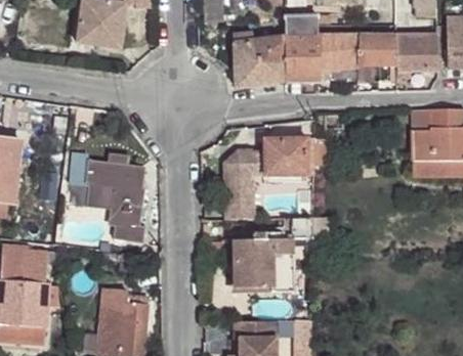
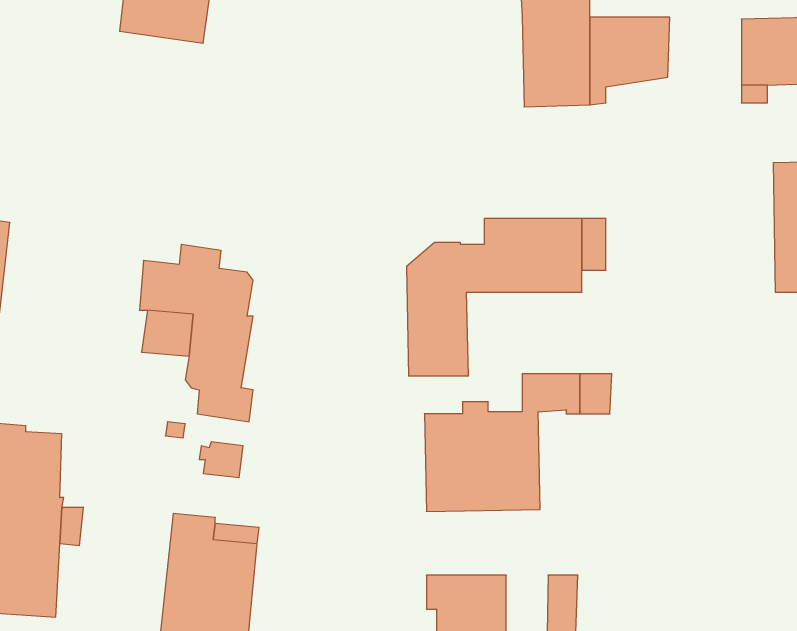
building: [231,32,284,87] -> none
building: [357,35,395,65] -> none

